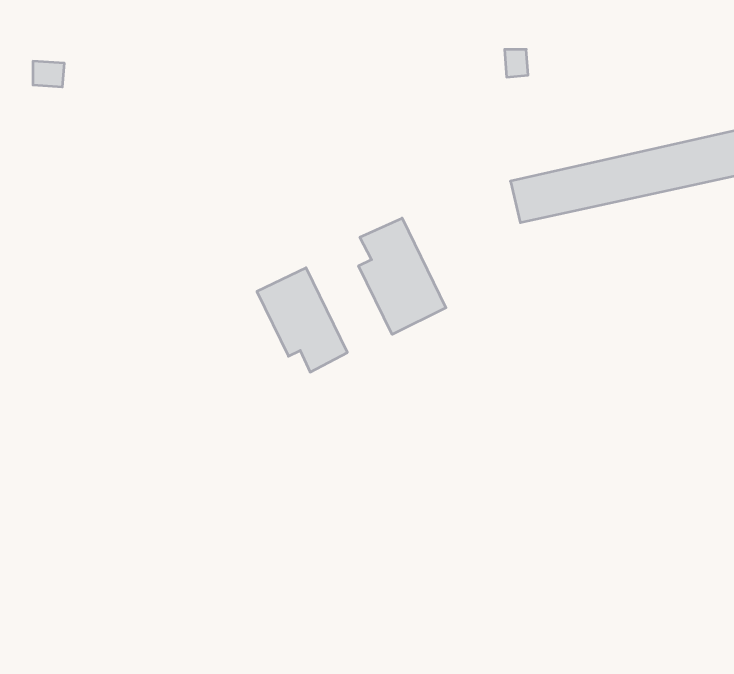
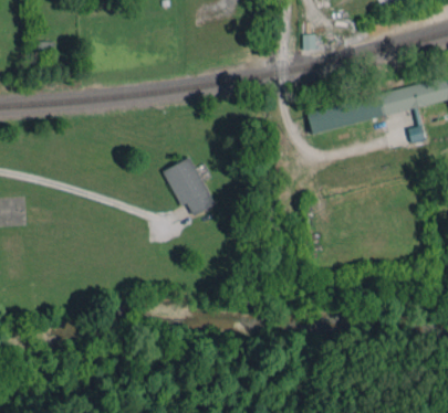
building: [359,218,446,334] -> none

